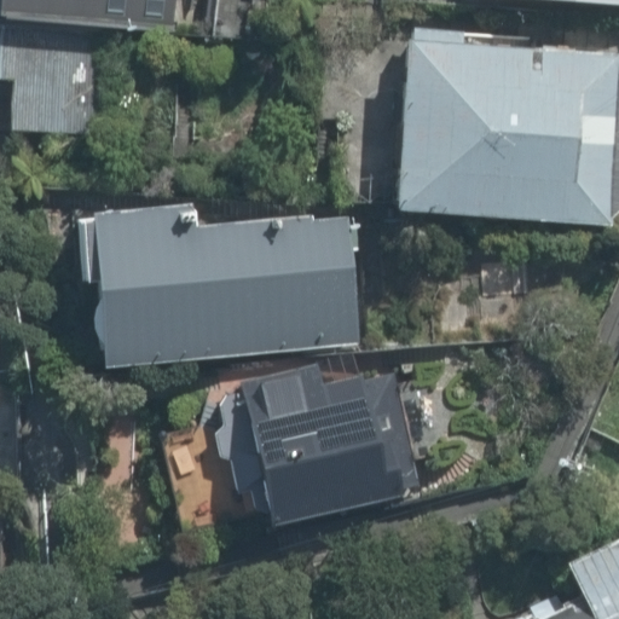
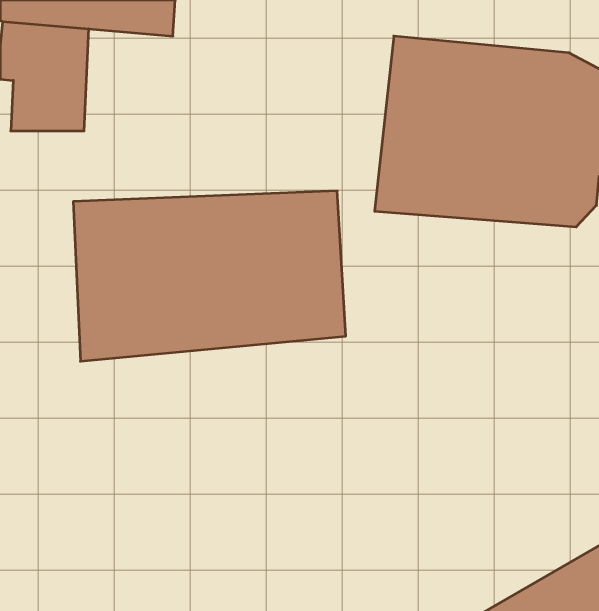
building: [244,359,406,509] -> none

